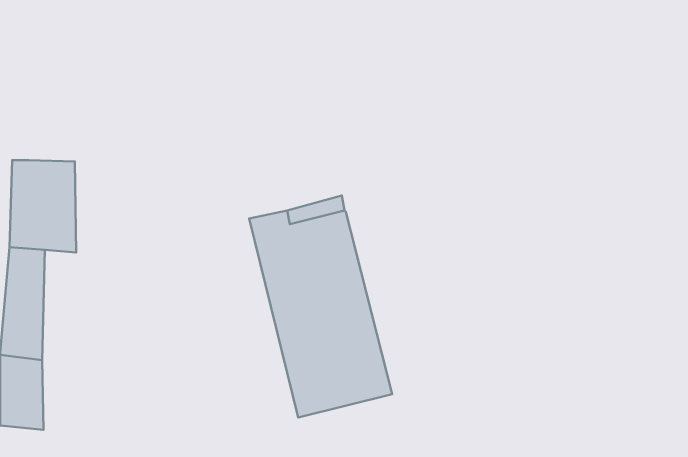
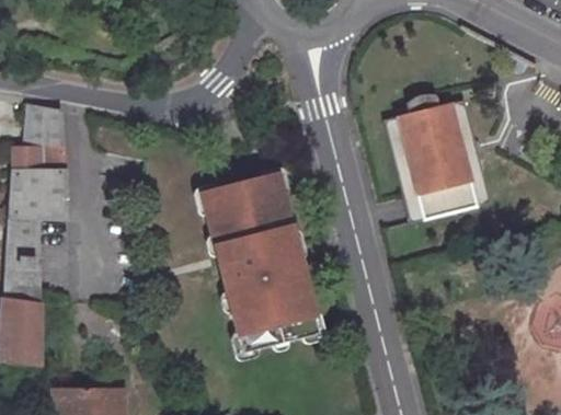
building: none -> [387,90,490,218]
building: none -> [26,100,64,145]

